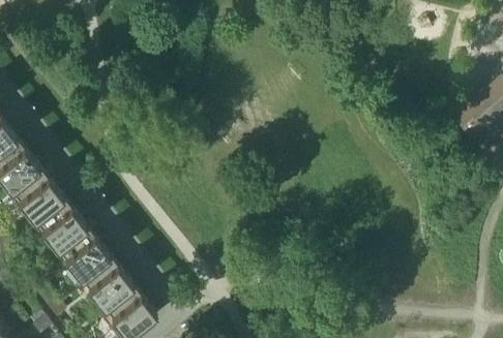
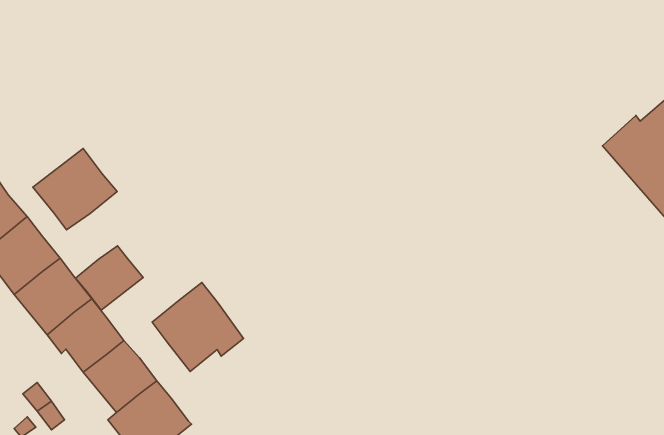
building: none -> [33,149,117,230]
building: none -> [76,246,143,310]
building: none -> [152,283,244,371]

